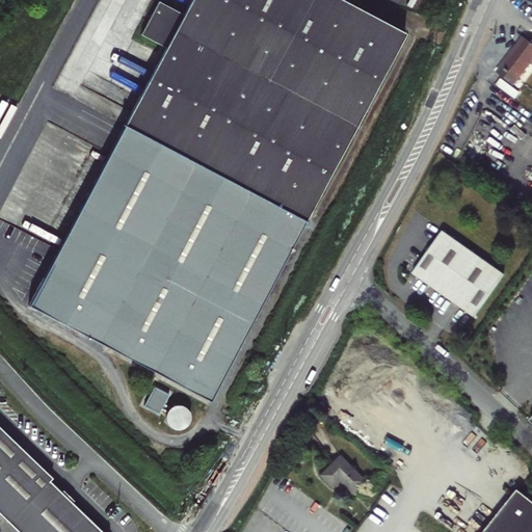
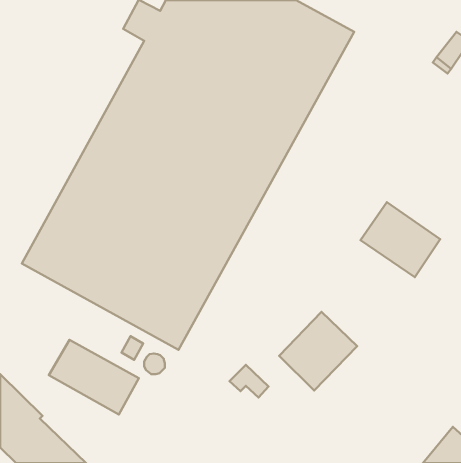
building: none -> [279,312,357,391]
building: none -> [49,340,139,415]
building: [324,456,369,494] -> [230,365,268,398]

